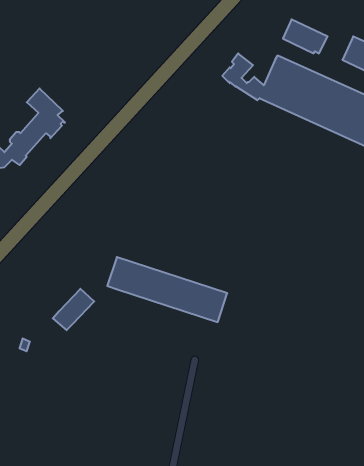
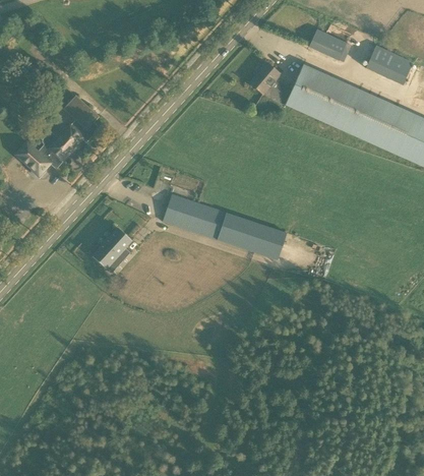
building: [107,257,227,322] -> [164,194,279,256]
building: [53,289,94,330] -> [93,228,132,267]

